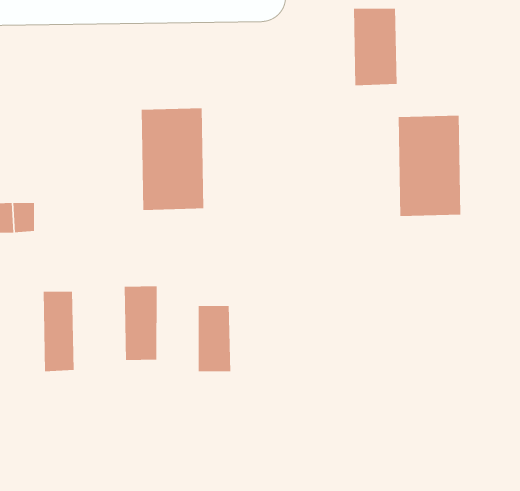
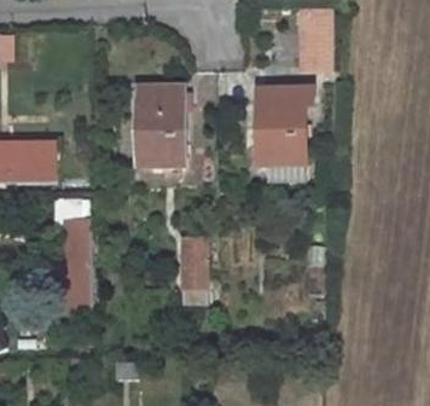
building: [398,115,461,216] -> [257,86,306,163]
building: [124,286,157,361] -> none

